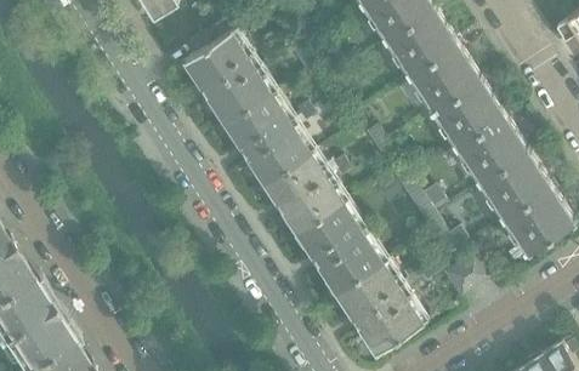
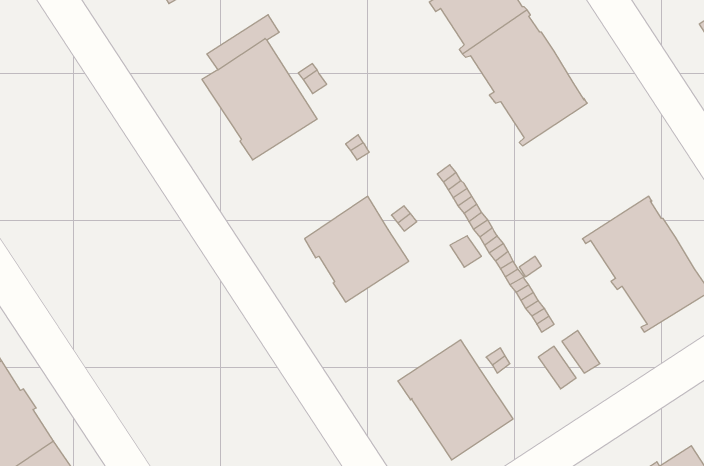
building: [432,82,529,187] -> none
building: [225,95,313,187] -> none
building: [296,204,385,296] -> none

